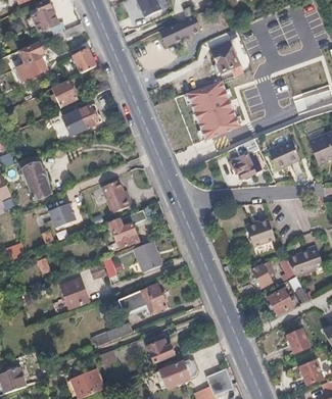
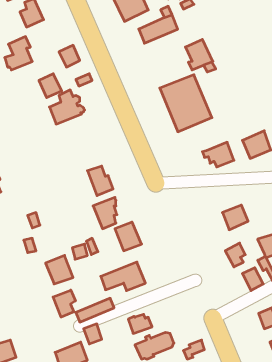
building: [19,153,50,197] -> none
building: [49,200,77,226] -> none
building: none -> [53,290,75,317]

